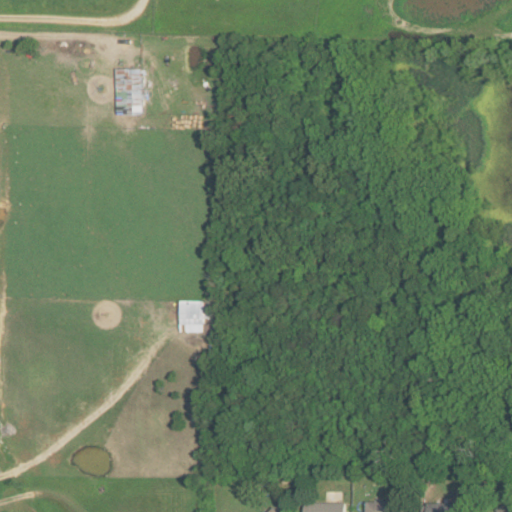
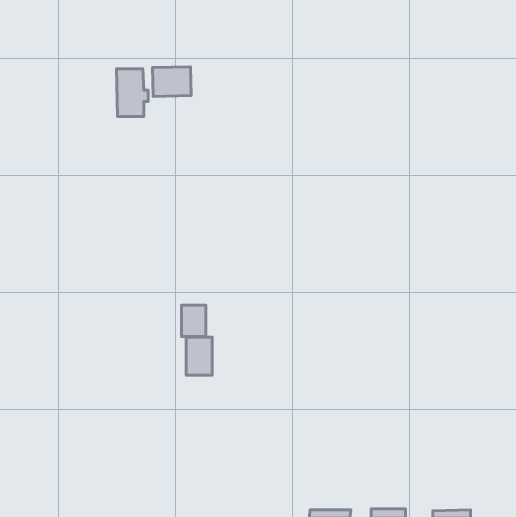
building: none -> [152,67,191,96]
building: none -> [186,337,212,375]

